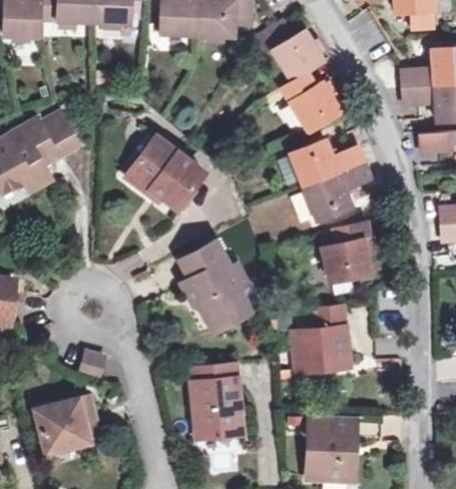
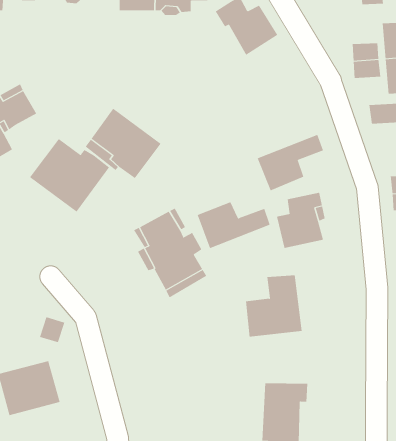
building: [281,71,343,133] -> none
building: [290,138,366,187] -> [197,201,271,249]
building: none -> [29,138,110,213]
building: [188,364,239,439] -> none

